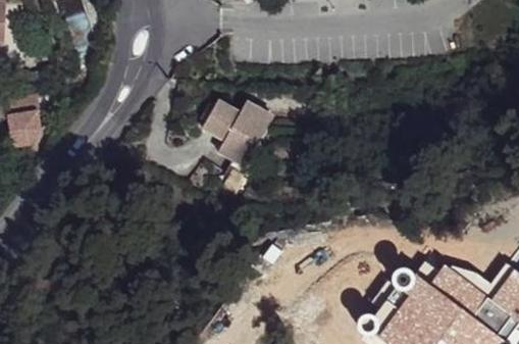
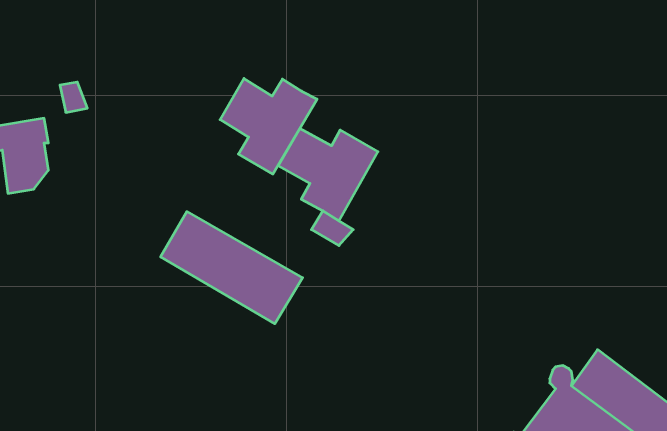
building: none -> [220,78,317,174]
building: none -> [161,212,303,324]

